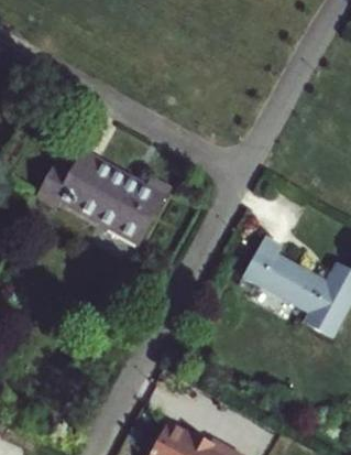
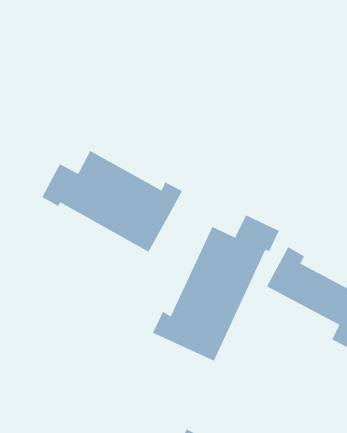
building: none -> [152,215,279,361]

